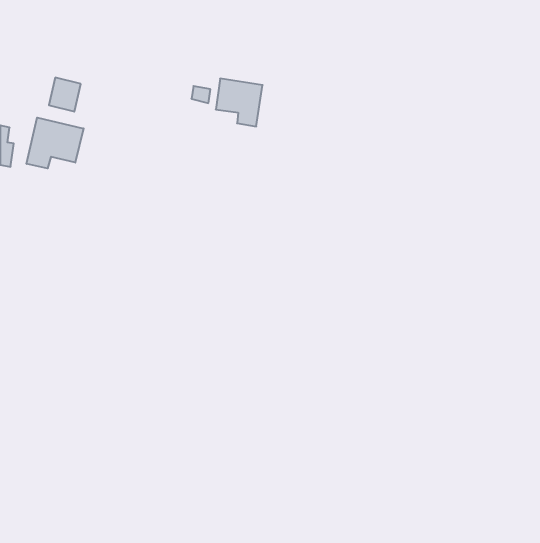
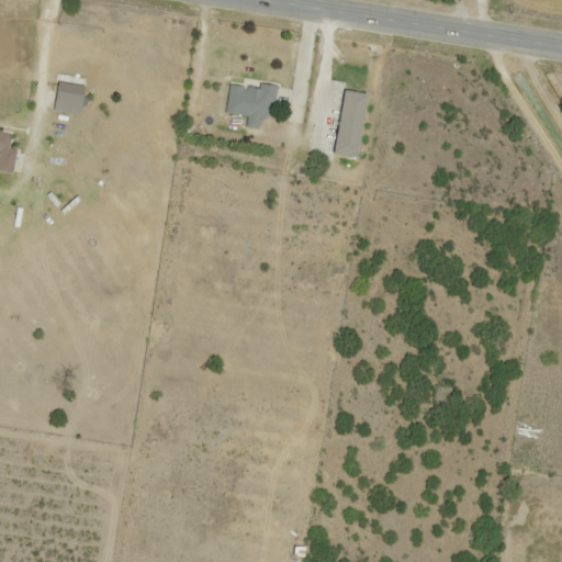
building: none -> [328,90,368,158]
building: [27,118,84,168] -> none

